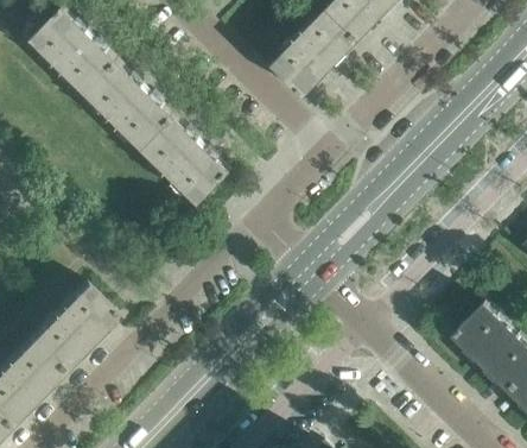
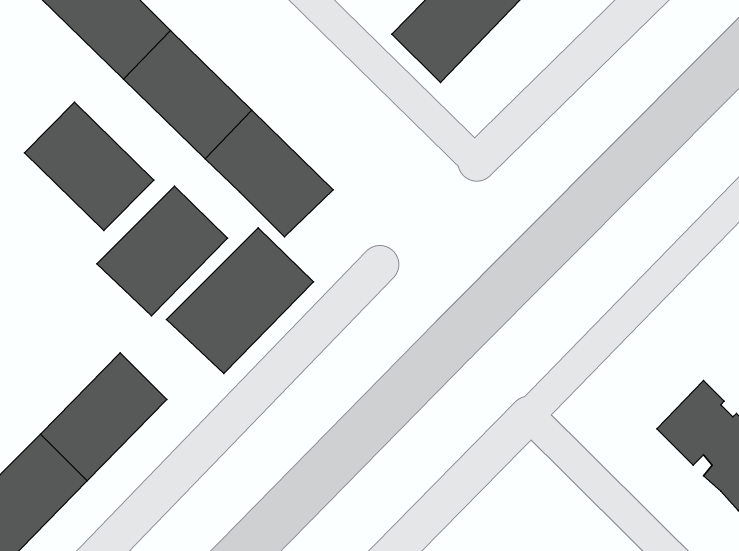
building: none -> [25,102,154,230]
building: none -> [97,186,228,316]
building: none -> [167,228,313,373]

